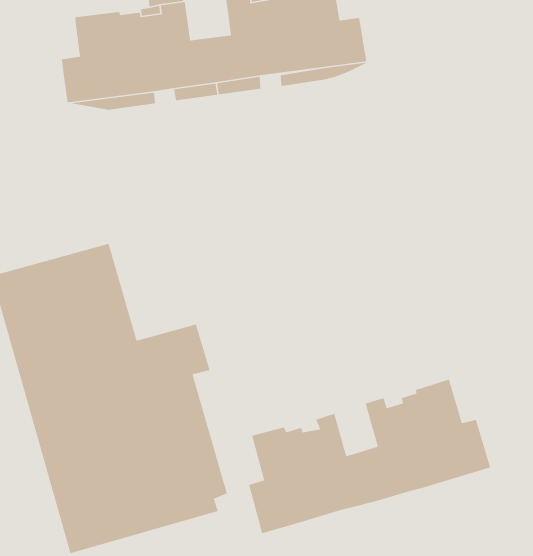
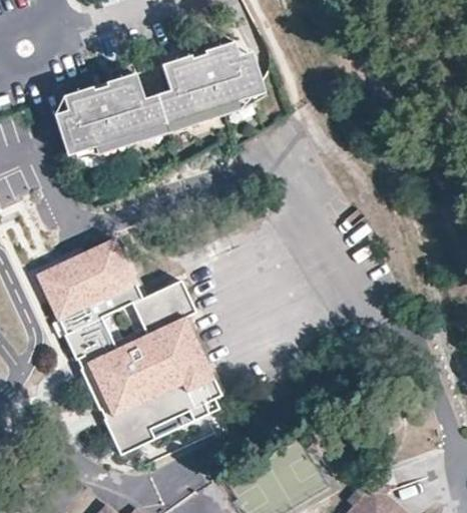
building: [248,379,491,534] -> none

